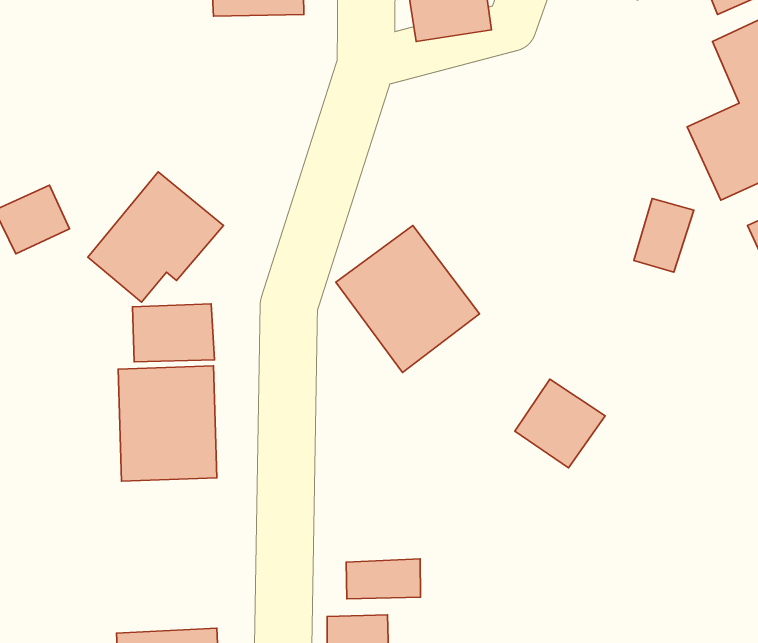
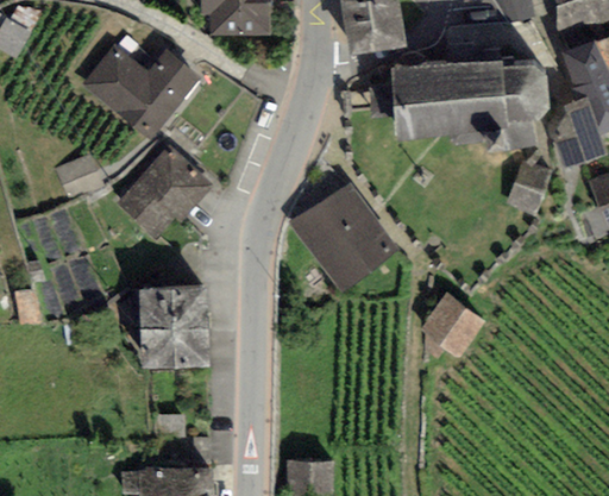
building: none -> [83,46,199,138]
building: none -> [368,51,551,143]
building: [133,304,215,362] -> none
building: [346,559,420,599] -> none

